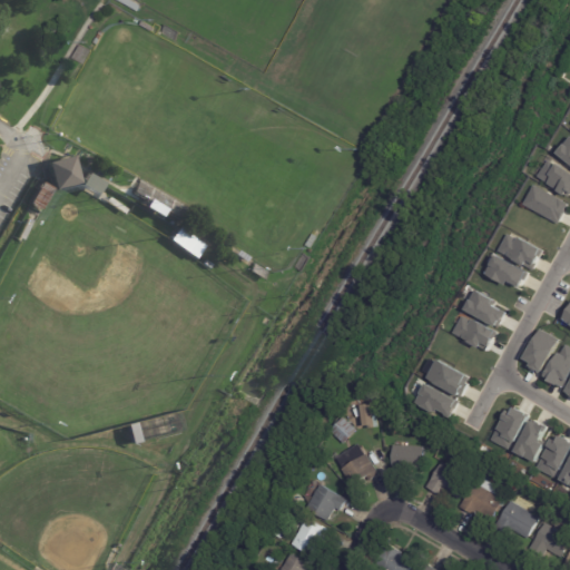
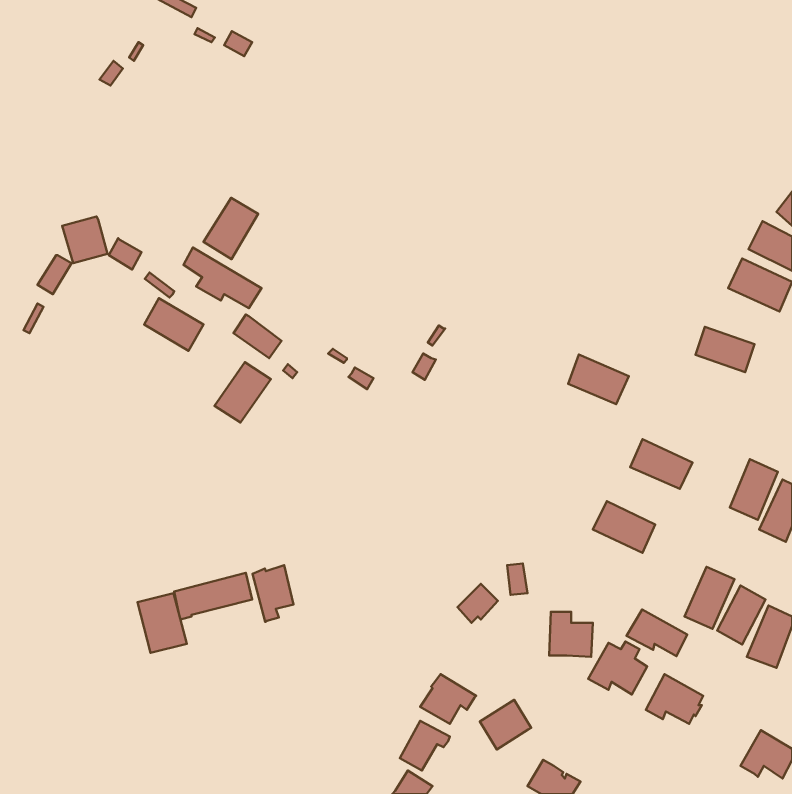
building: none -> [203,198,258,259]
building: none -> [144,298,203,351]
building: [485,254,528,289] -> none
building: none -> [215,362,271,423]
building: [464,291,508,326] -> [568,354,629,404]
building: [414,383,458,416] -> [627,609,687,656]
building: none -> [253,565,294,622]
building: none -> [137,593,187,653]
building: [335,452,372,488] -> [480,700,531,750]
building: [495,501,539,538] -> none

